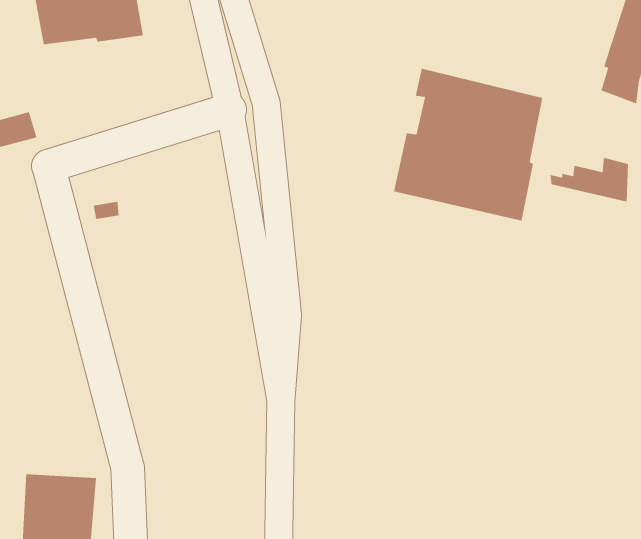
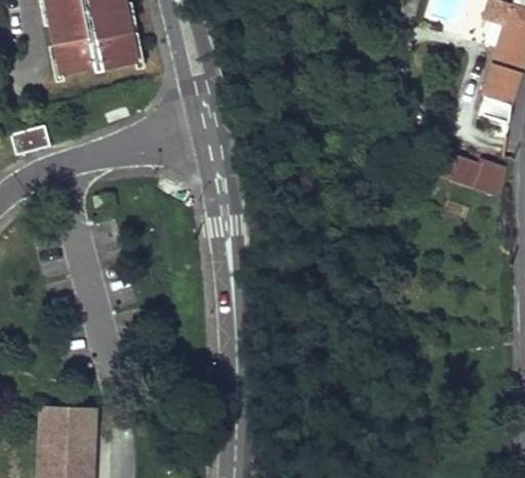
building: [393,68,543,221] -> none

